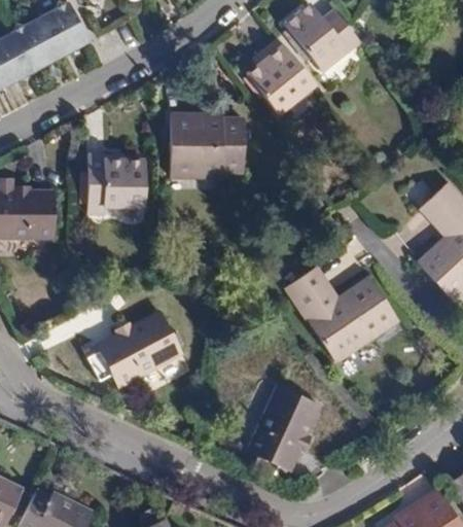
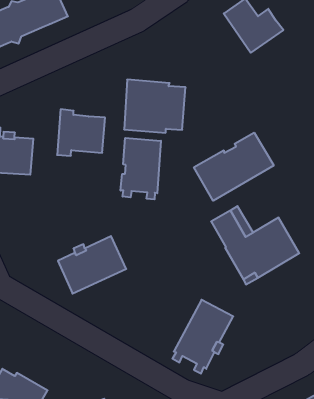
building: [251,37,317,112] -> none
building: none -> [194,133,274,201]
building: none -> [121,138,161,199]

